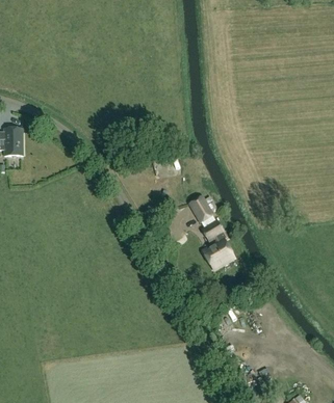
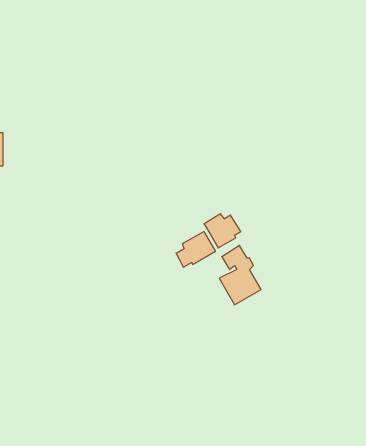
building: none -> [176,232,215,267]

